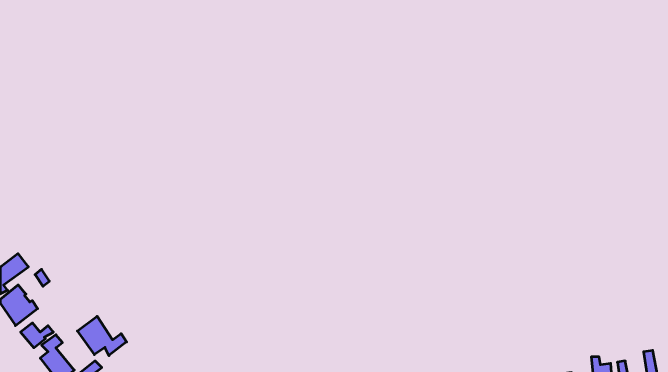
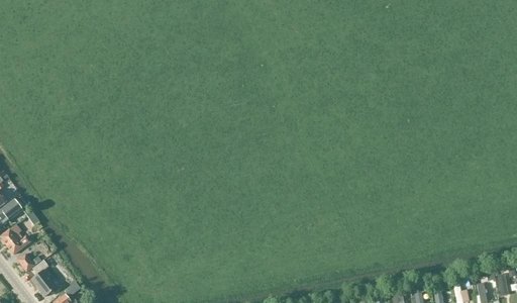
building: [77,316,127,356] -> none

